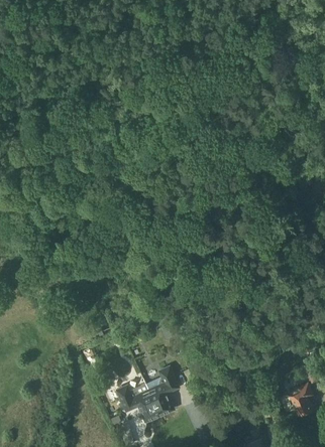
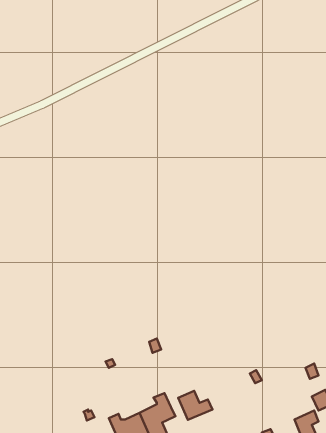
building: none -> [178,391,212,420]

